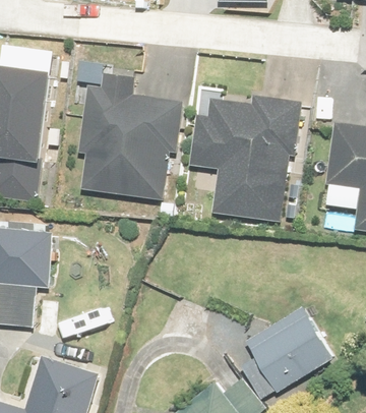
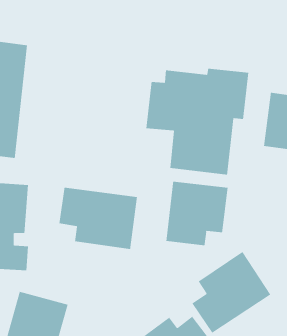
building: [75,75,180,202] -> none
building: none -> [166,181,228,246]
building: none -> [59,187,137,250]

